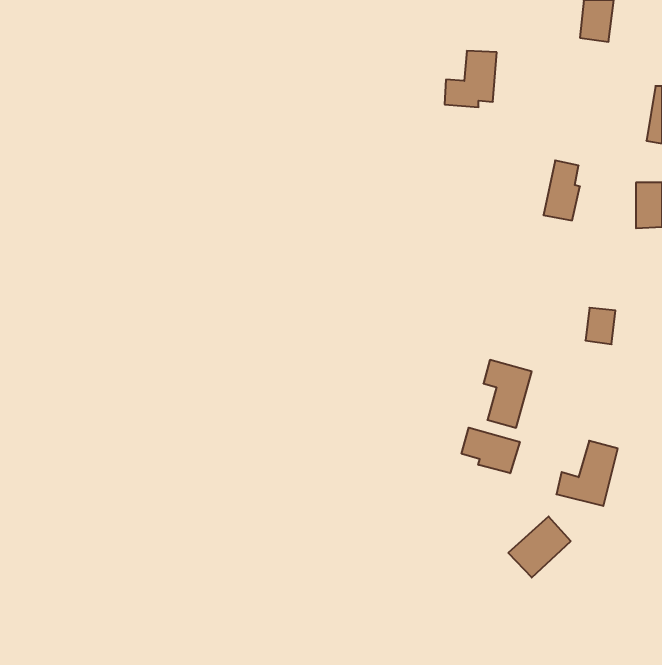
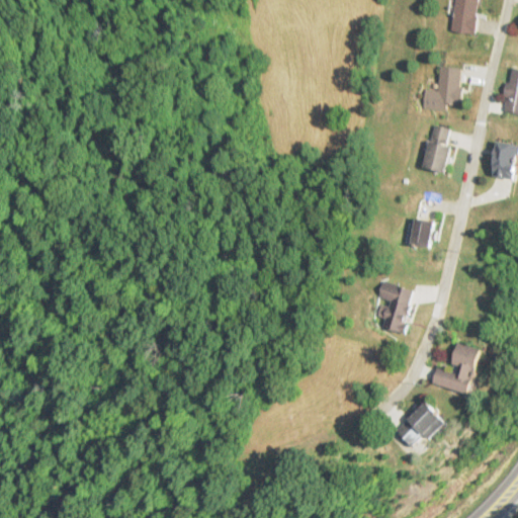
building: [445,51,497,107] -> [421,67,461,110]
building: [585,308,615,344] -> [409,219,432,247]
building: [462,428,520,473] -> none

